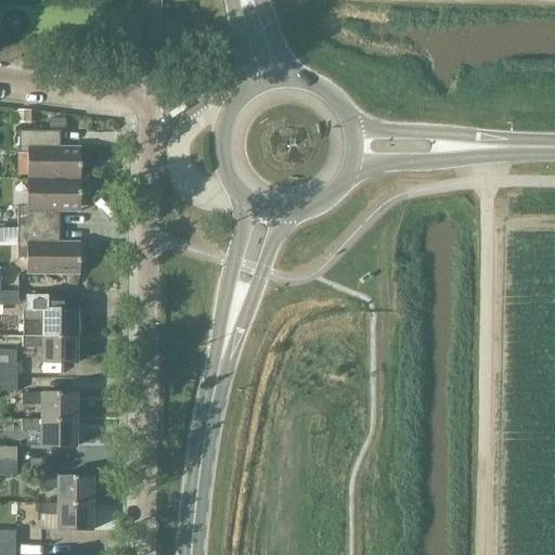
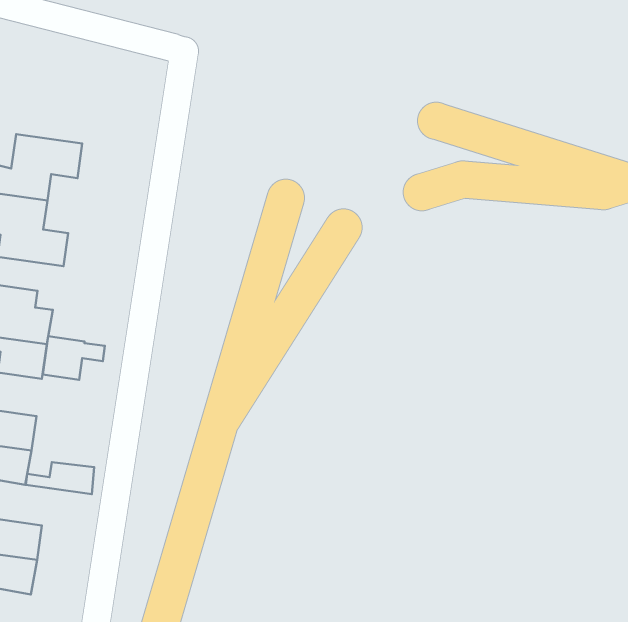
building: [20,129,81,177] -> none
building: none -> [43,336,105,380]
building: none -> [26,462,94,494]

